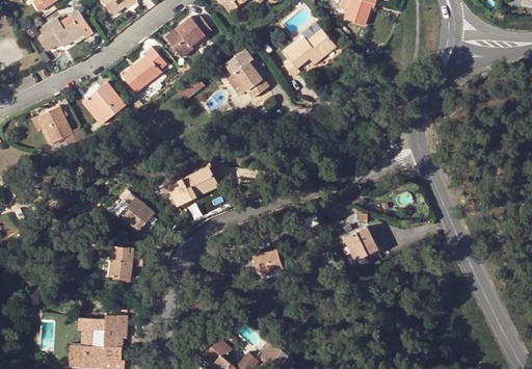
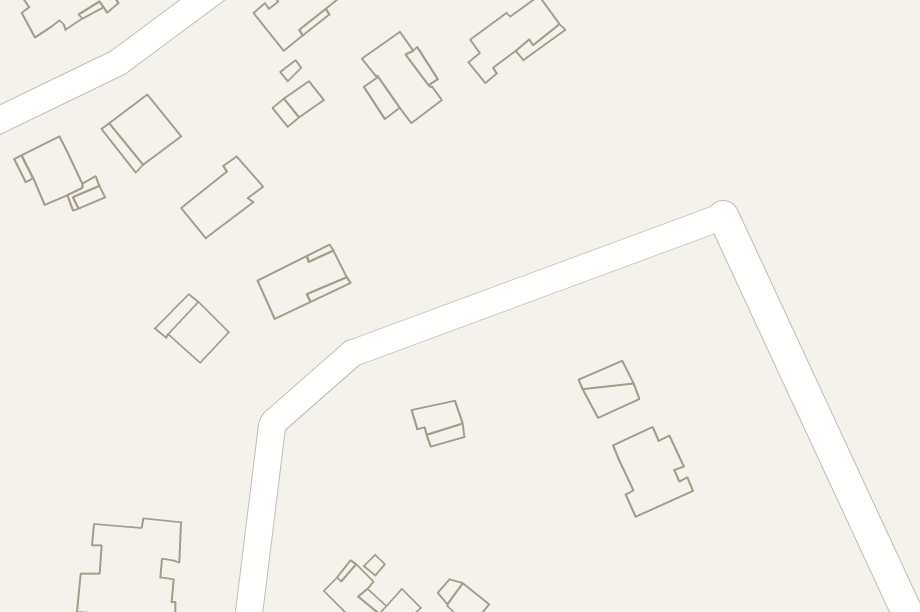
building: [122,47,166,91] -> [181,156,263,238]
building: [108,244,142,276] -> none
building: none -> [613,427,693,517]

